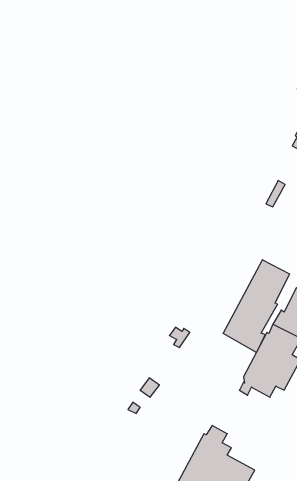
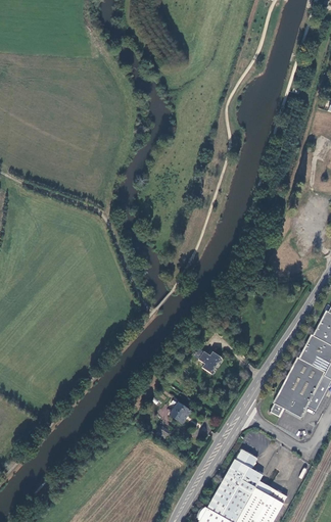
building: [223,260,290,352] -> none

